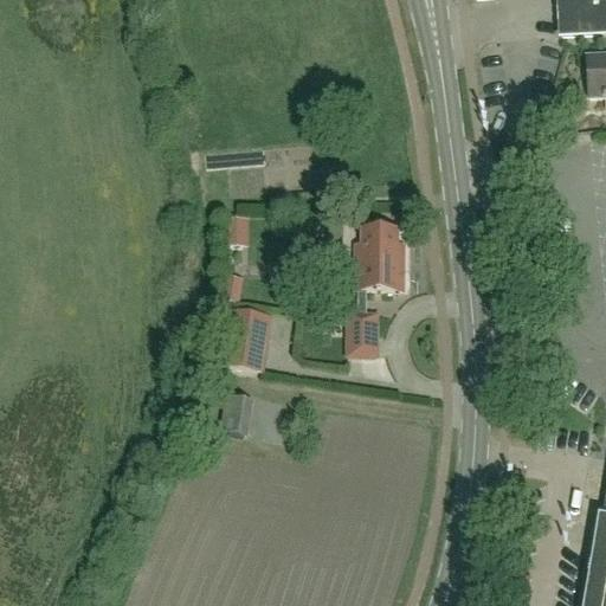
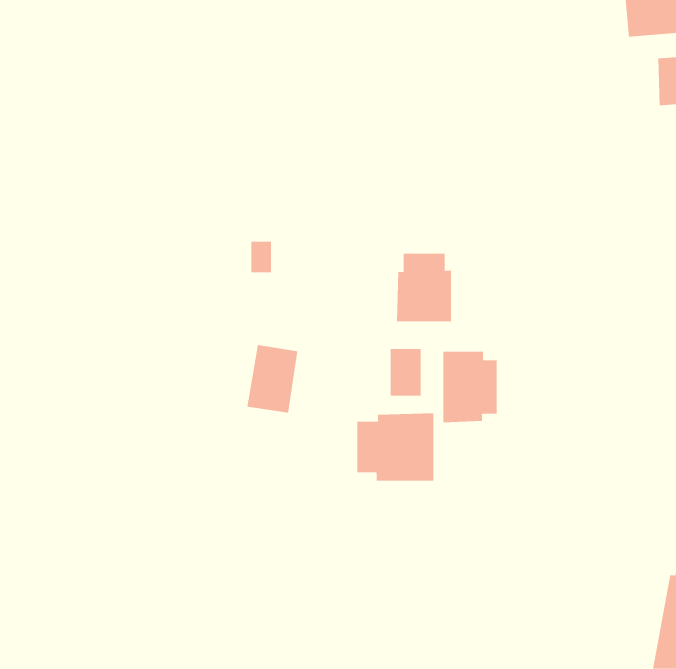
building: none -> [443,351,497,423]
building: none -> [357,413,434,481]
building: [223,394,251,434] -> none

